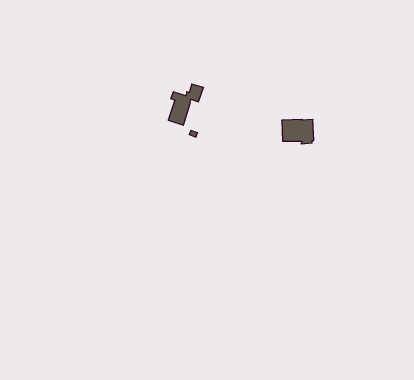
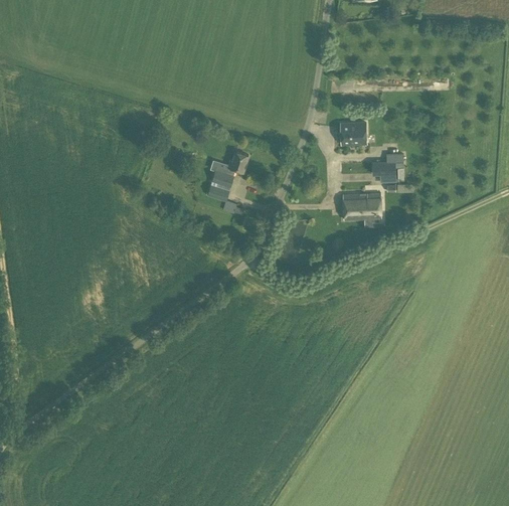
building: none -> [340,122,366,143]
building: none -> [371,152,395,181]

